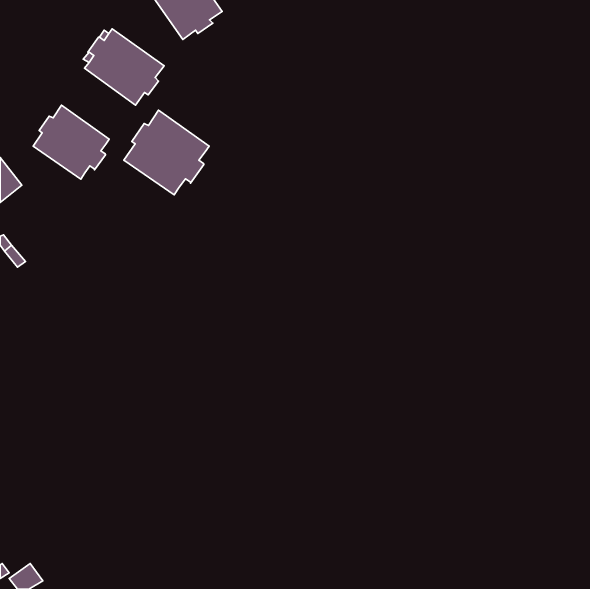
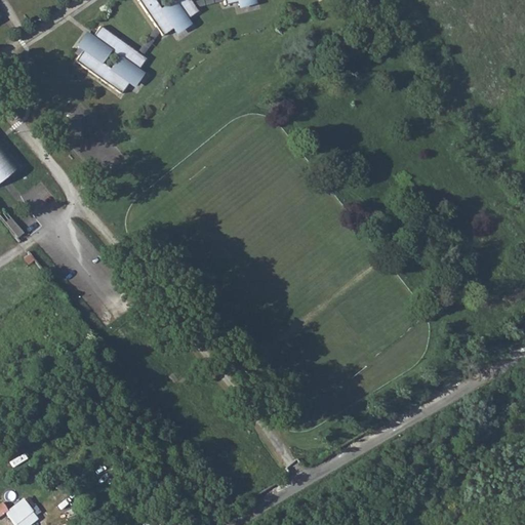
building: [33,105,109,179] -> none
building: [124,110,209,195] -> none

